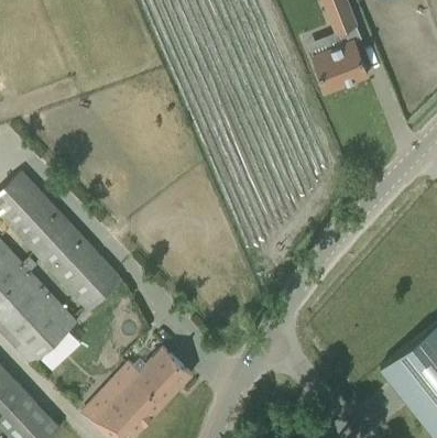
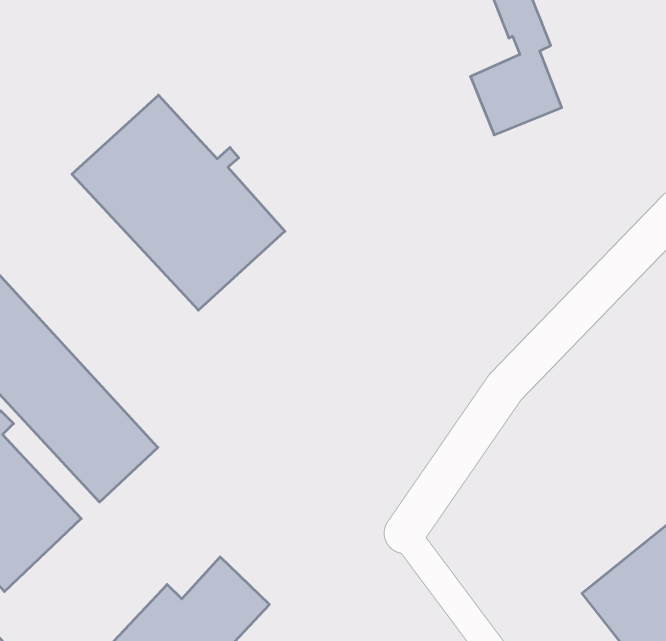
building: none -> [72,95,285,310]

